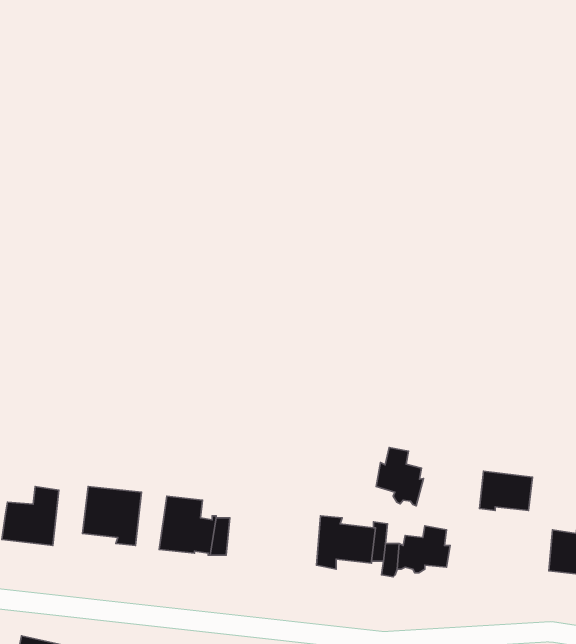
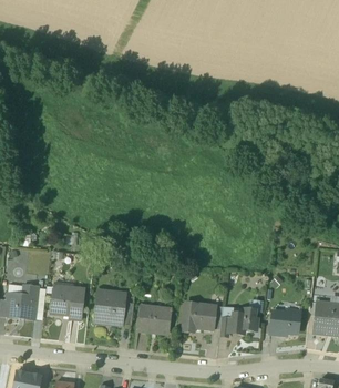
building: [376,448,424,506] -> none
building: [479,471,533,511] -> [269,312,299,334]
building: none -> [136,306,171,333]

